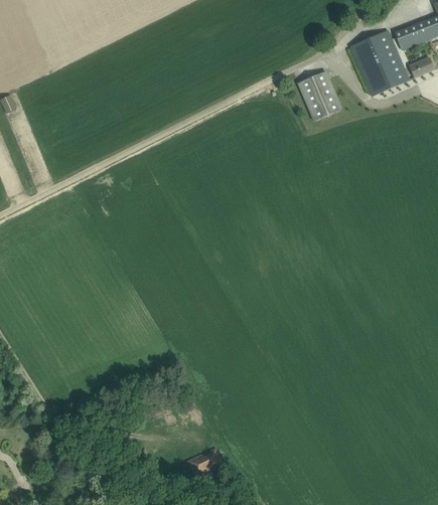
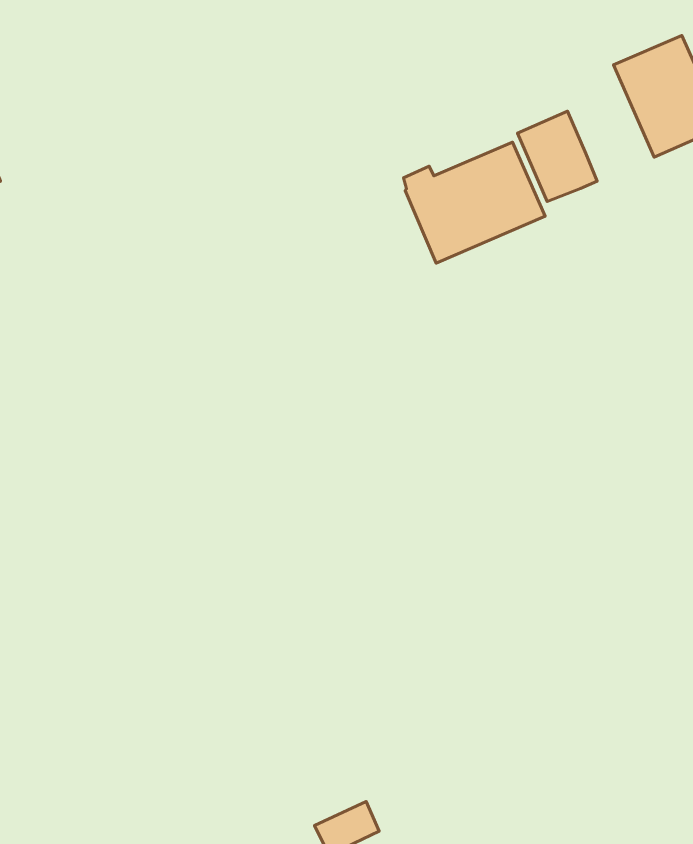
building: none -> [403,142,545,263]

